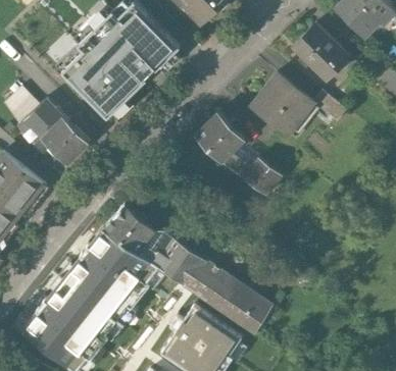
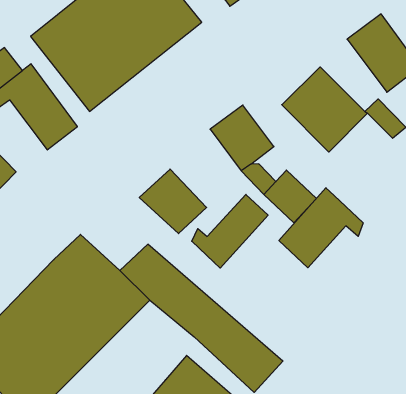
building: none -> [279,188,363,268]
building: none -> [192,194,268,268]
building: [101,201,155,251] -> [139,169,207,234]

